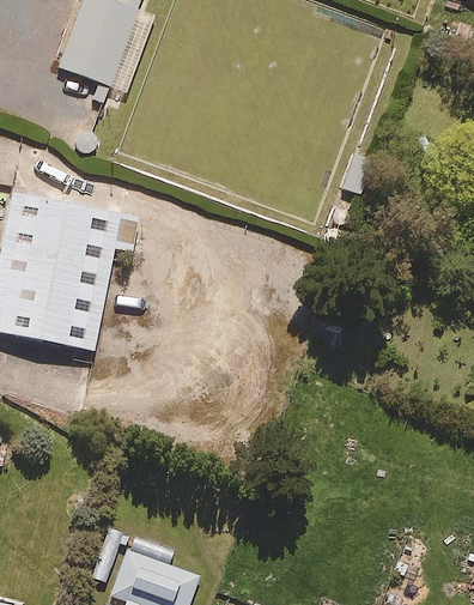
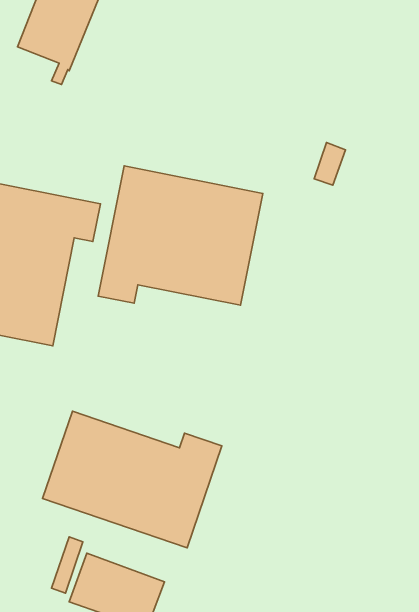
building: none -> [98,166,263,305]
building: none -> [43,411,222,548]

